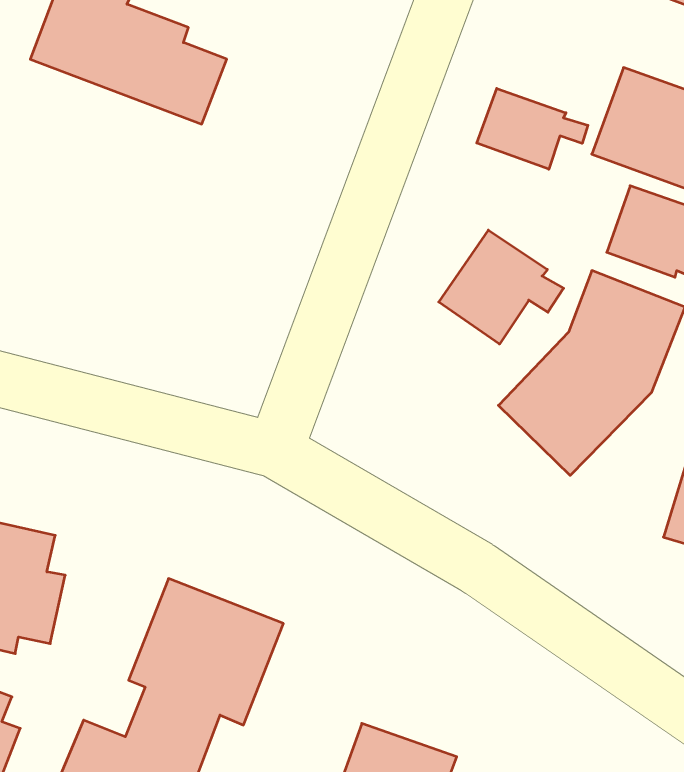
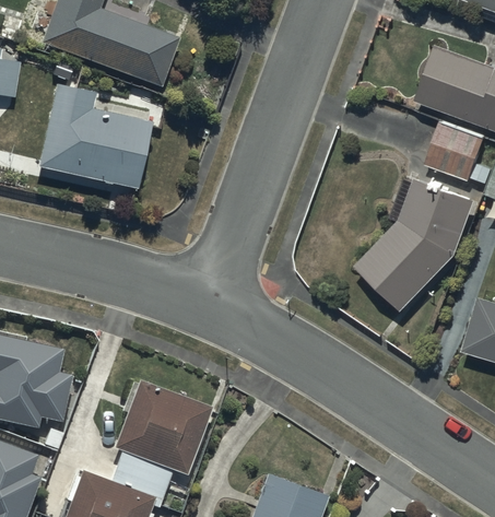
building: [477,88,588,169] -> none
building: none -> [38,86,151,187]
building: [439,230,564,344] -> none

